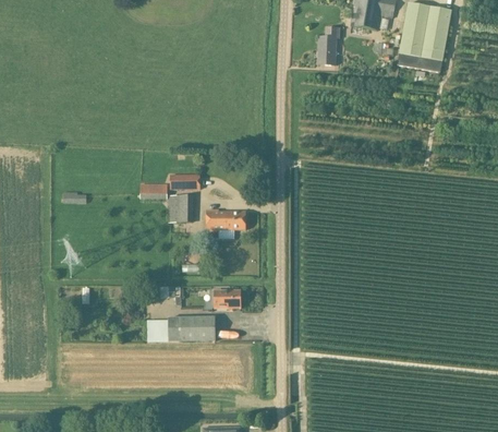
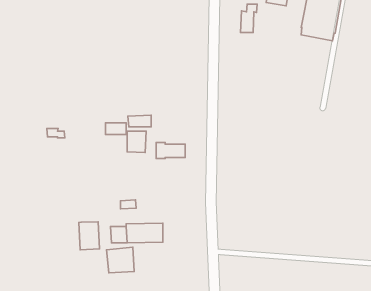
building: [203,290,240,309] -> none
building: none -> [79,222,99,250]
building: none -> [107,247,134,273]

